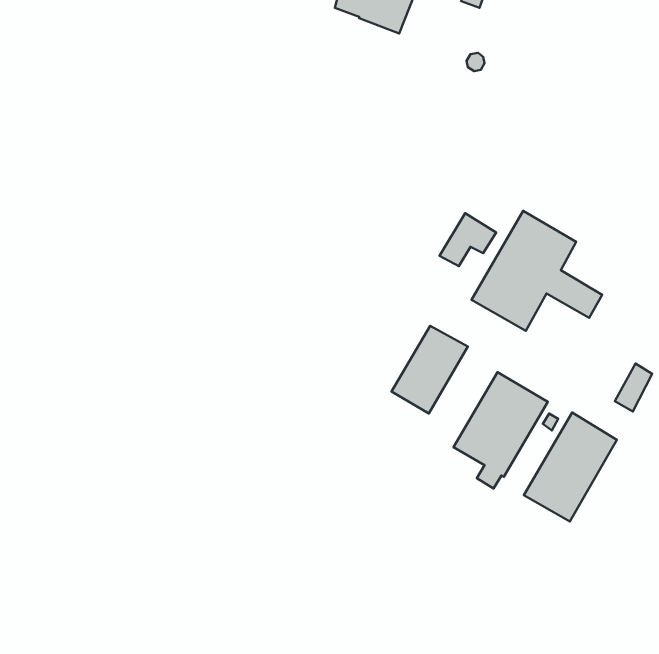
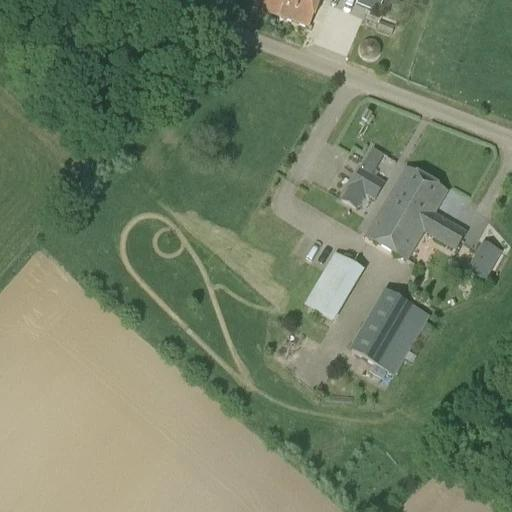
building: [615,364,652,411] -> [472,239,501,276]
building: [524,413,617,522] -> none

